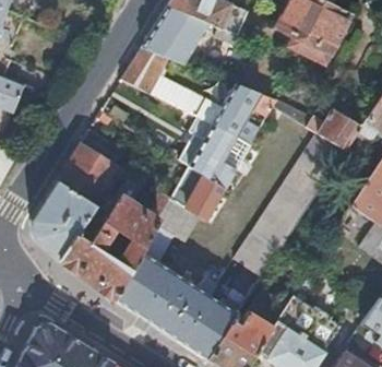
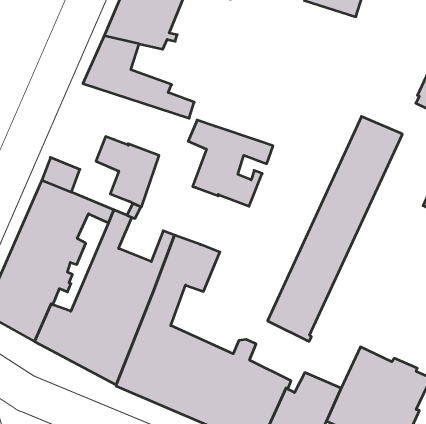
building: [212,84,276,140] -> none
building: [307,108,361,152] -> none
building: [181,166,227,221] -> [96,137,159,207]

